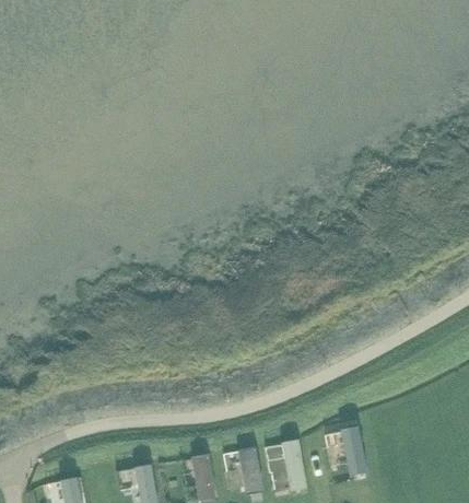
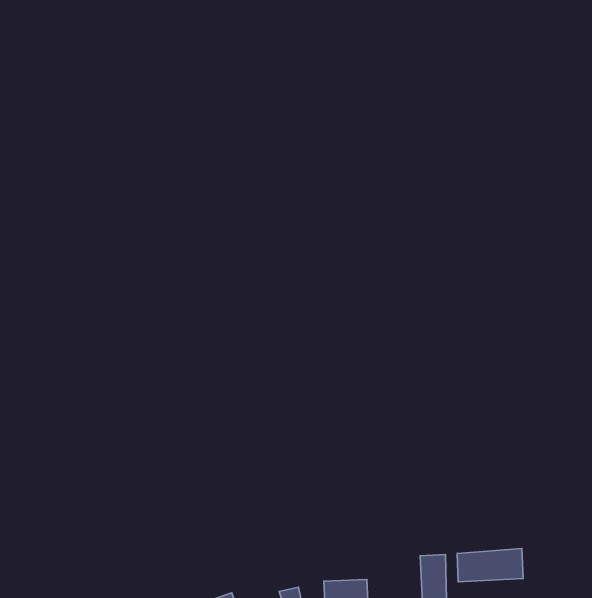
building: none -> [457,548,523,582]

